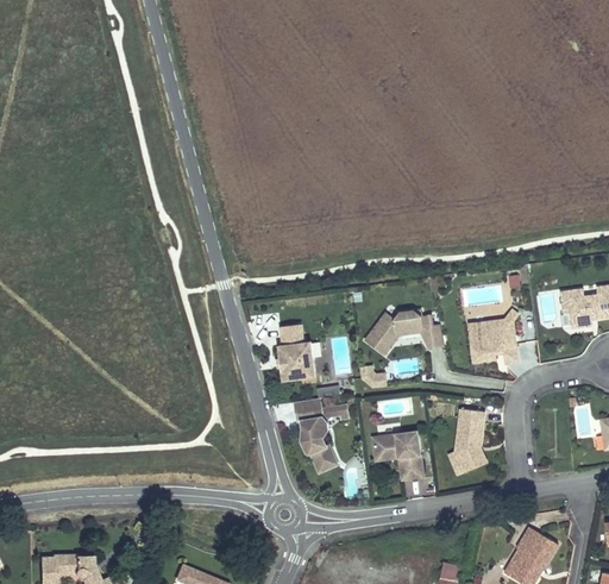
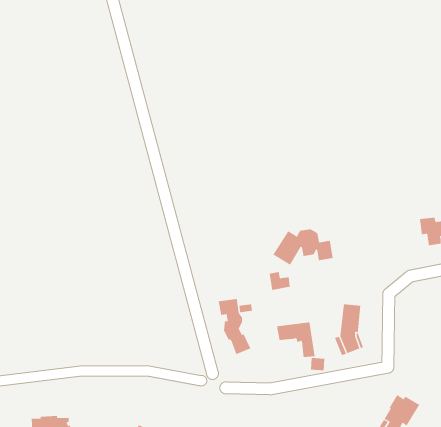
building: [466,310,516,364] -> none
building: [277,325,313,381] -> none

